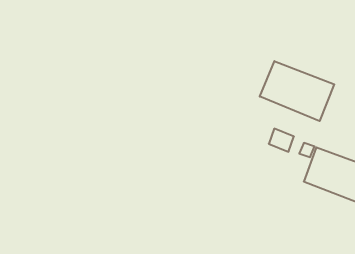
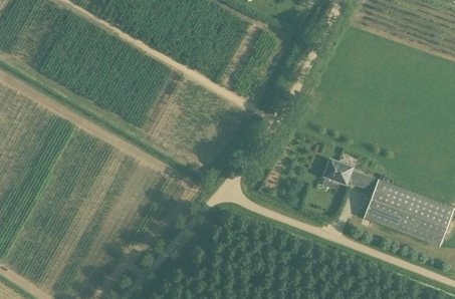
building: [260,61,334,121] -> none

